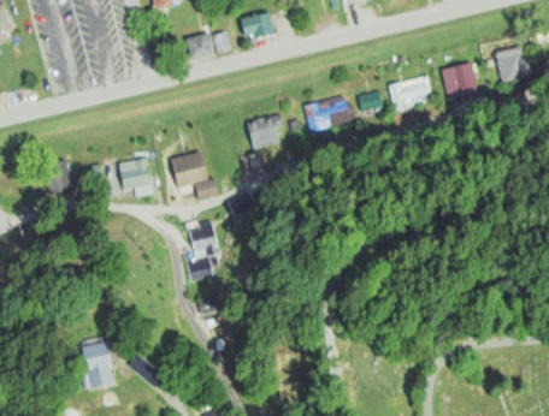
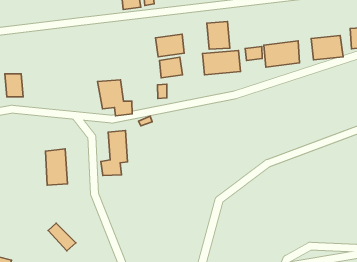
building: none -> [207,21,230,49]
building: none -> [156,34,184,57]
building: [116,160,153,200] -> none
building: [89,338,123,388] -> [46,149,67,185]

